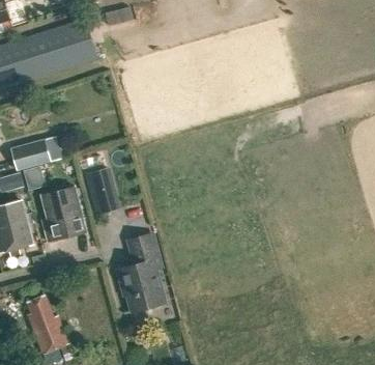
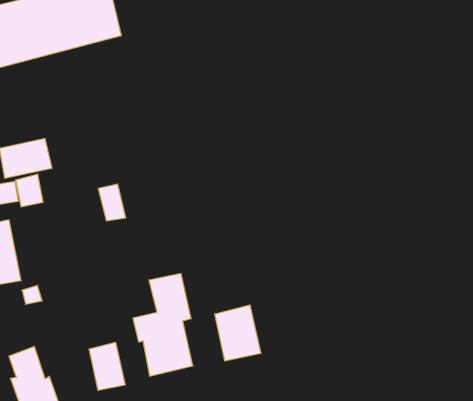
building: [41,188,84,242] -> none
building: none -> [215,305,261,361]
building: none -> [89,342,125,391]

